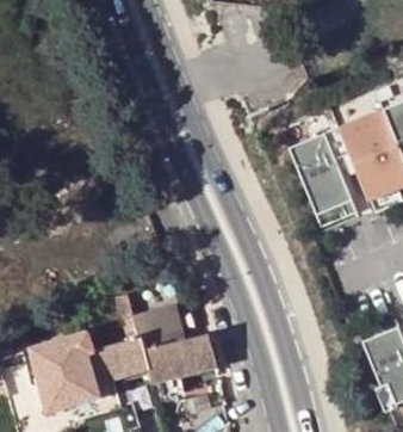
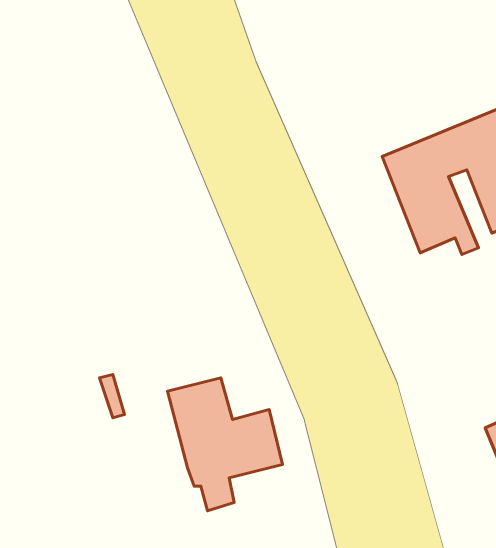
building: [31,295,149,407] -> none

